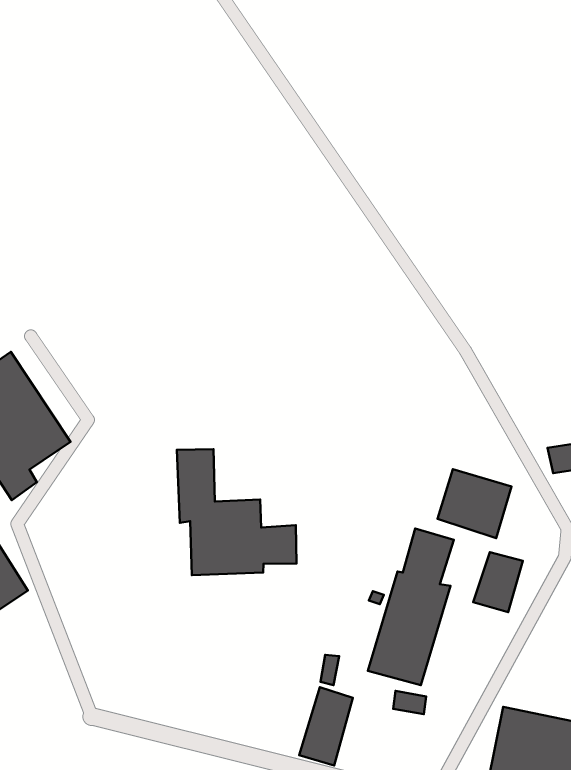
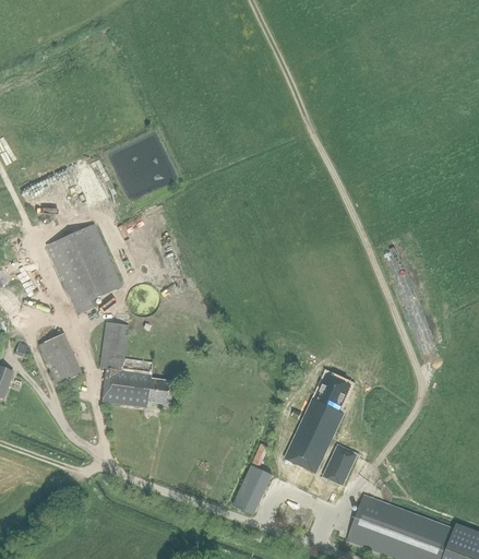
building: [177,449,297,575] -> [99,321,171,406]
building: [437,469,512,538] -> none
building: [473,552,523,612] -> [322,445,357,485]

